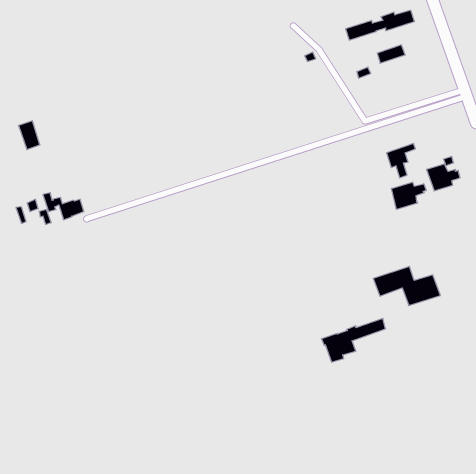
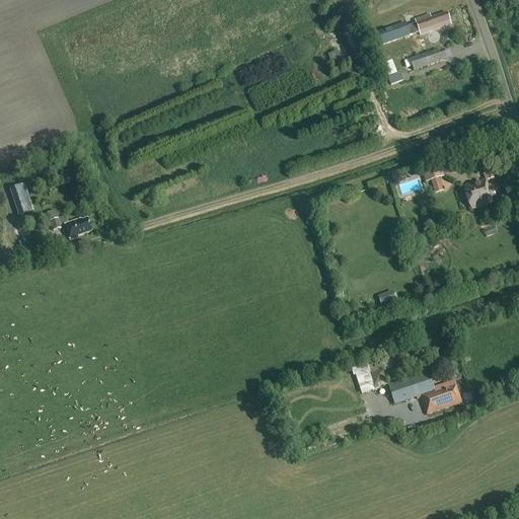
building: [18,121,40,150] -> [10,183,33,215]
building: [391,182,426,209] -> none
building: [373,266,440,306] -> [388,371,461,414]

